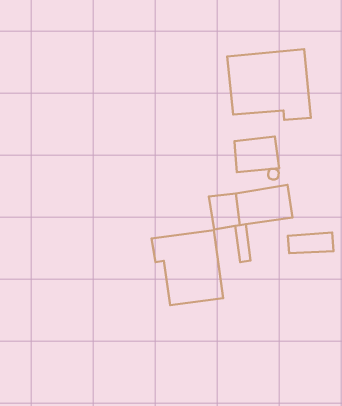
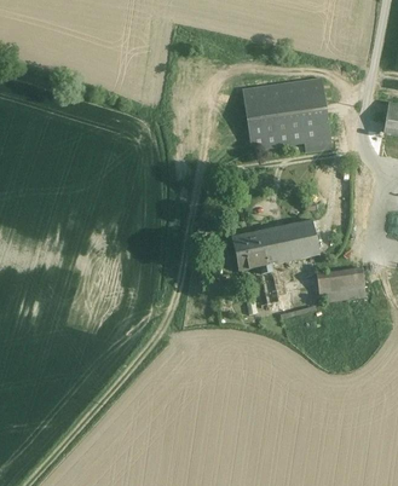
building: [234,136,279,172] -> none
building: [152,230,223,305] -> none

